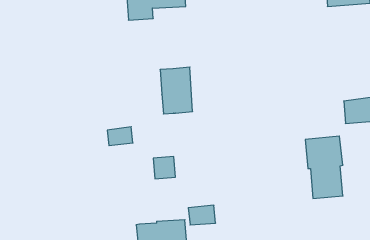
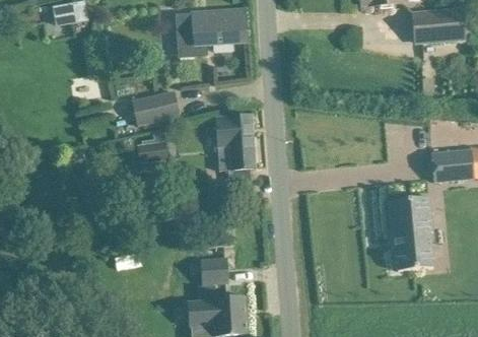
building: none -> [131,89,181,126]
building: [107,127,133,146] -> [137,140,167,162]
building: [188,205,216,225] -> [201,260,233,283]

